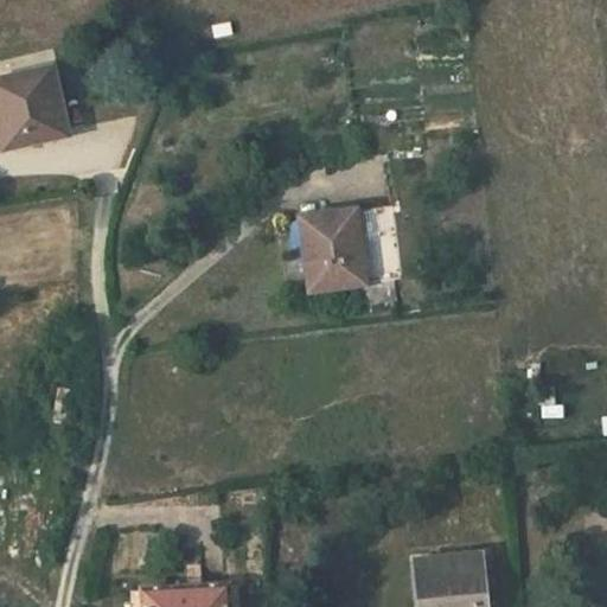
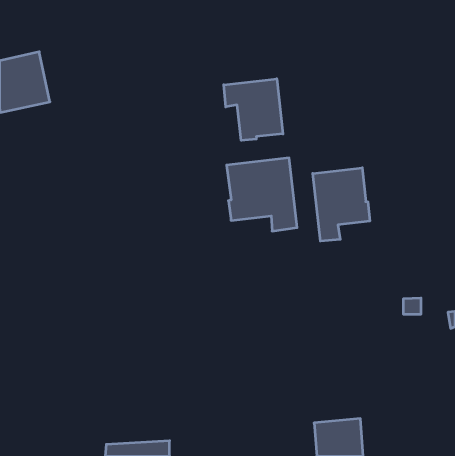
building: none -> [224,79,283,140]
building: none -> [313,168,370,241]

